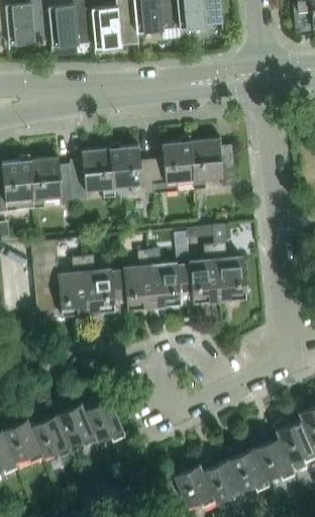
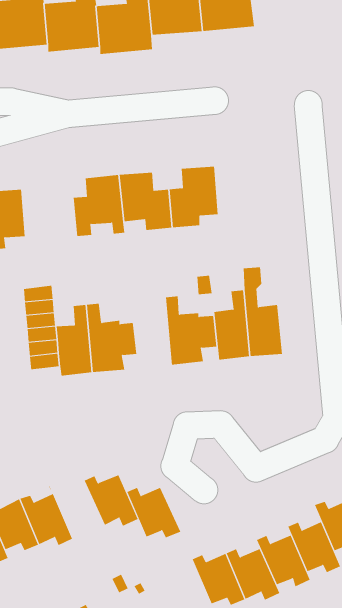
building: [190,138,235,190] -> none
building: [29,158,75,208] -> none
building: [122,250,153,309] -> none
building: [52,403,98,451] -> [127,487,181,545]

